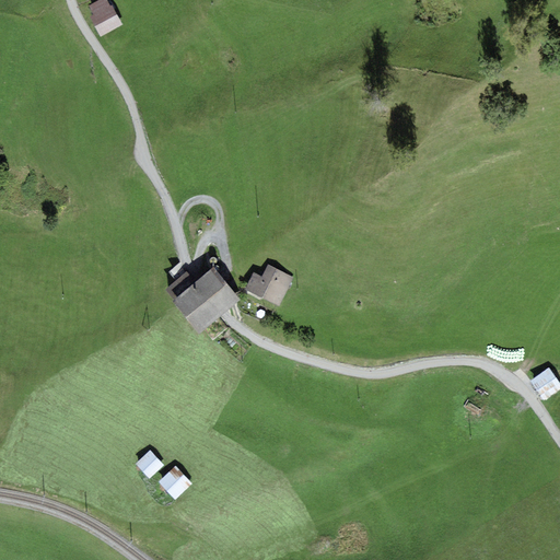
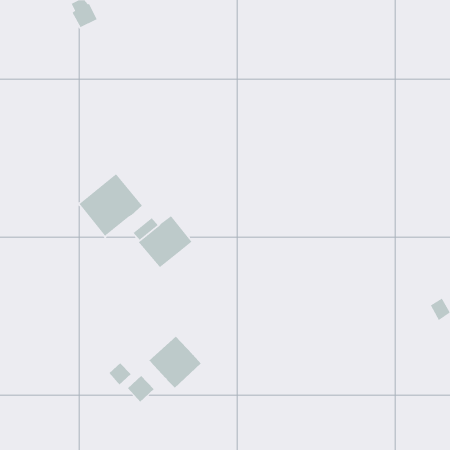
building: none -> [79,173,143,237]
building: [244,264,292,305] -> none
building: none -> [148,336,202,389]

